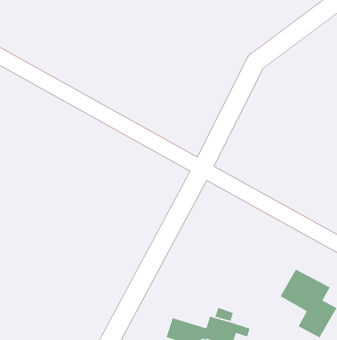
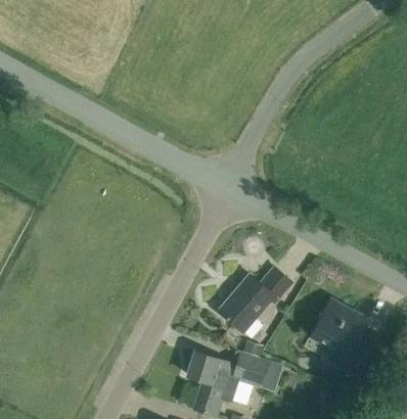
building: none -> [219,267,292,332]

